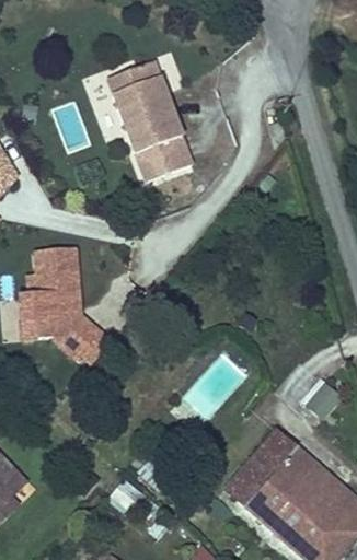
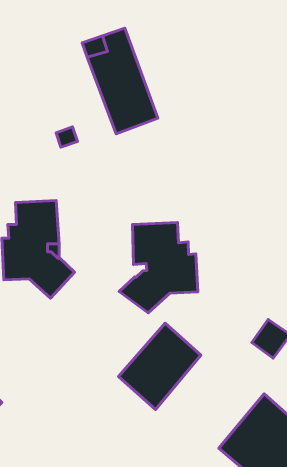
building: none -> [119,222,198,313]
building: [222,430,315,527] -> [119,323,201,409]

